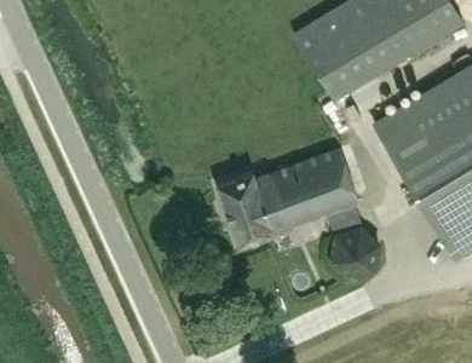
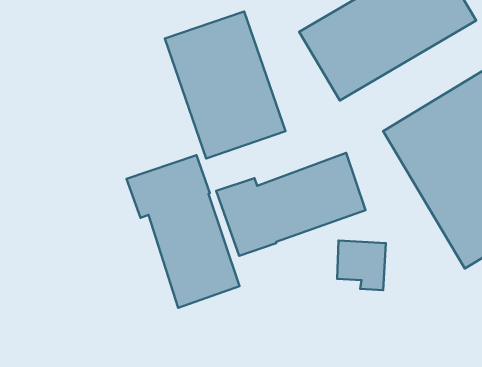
building: none -> [165,11,285,158]
building: none -> [127,155,239,308]

